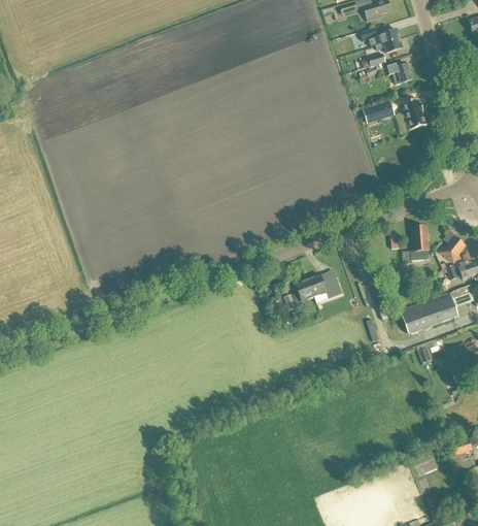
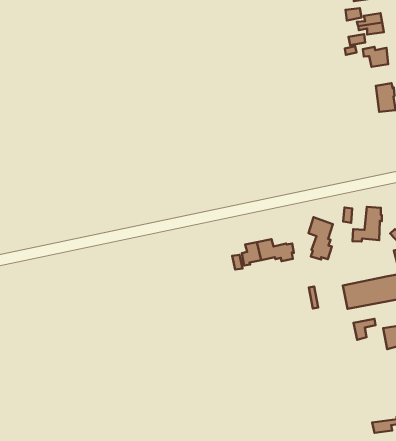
building: [363,99,395,123] -> none
building: none -> [309,217,333,259]

